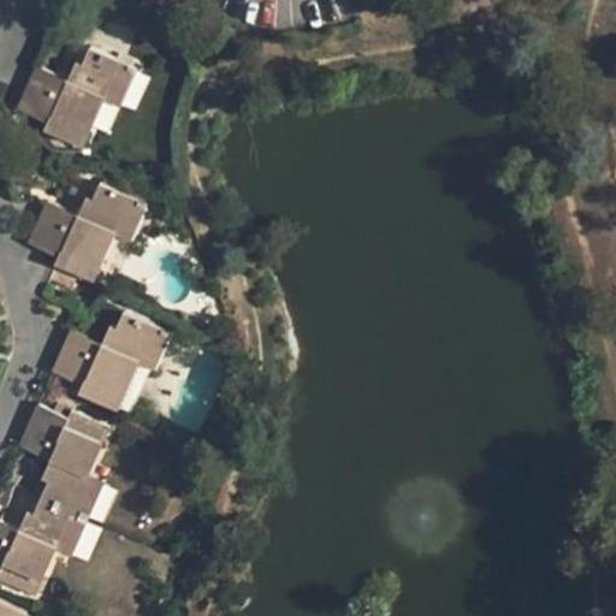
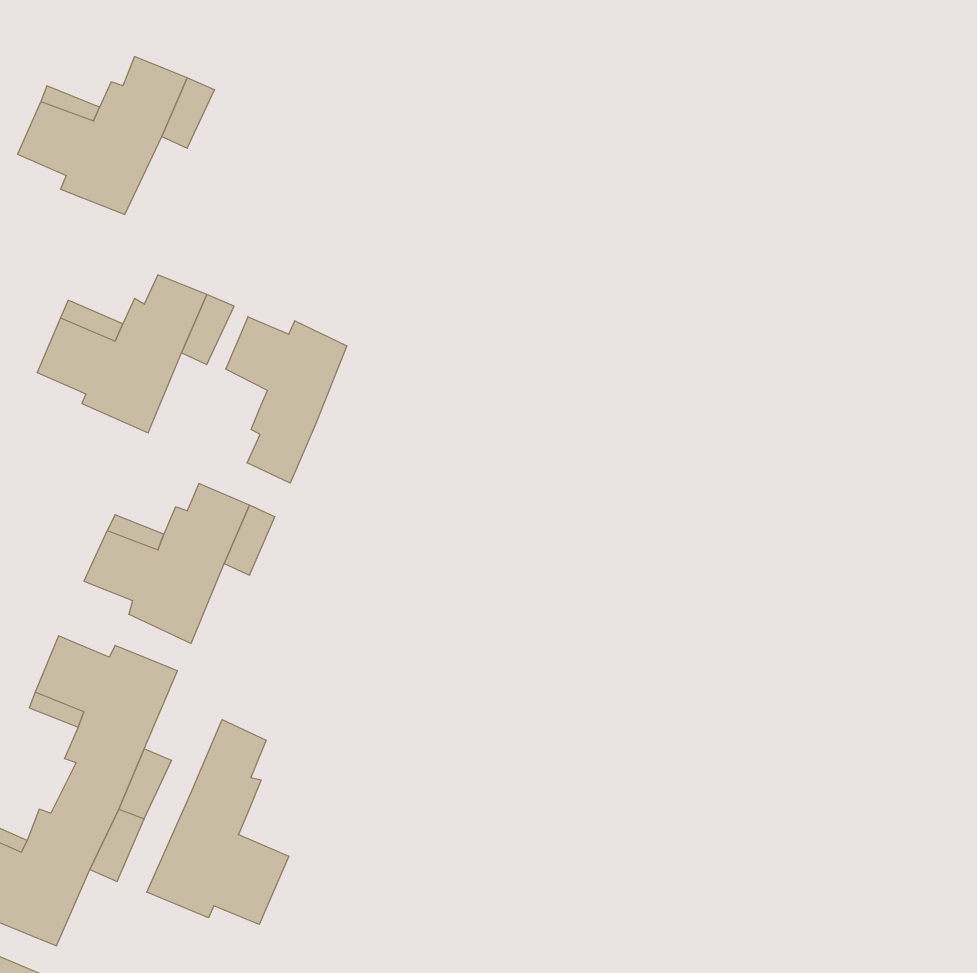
building: none -> [226,317,347,483]
building: none -> [147,720,289,924]

